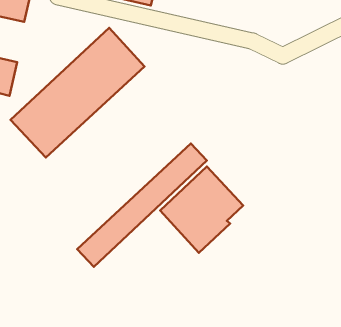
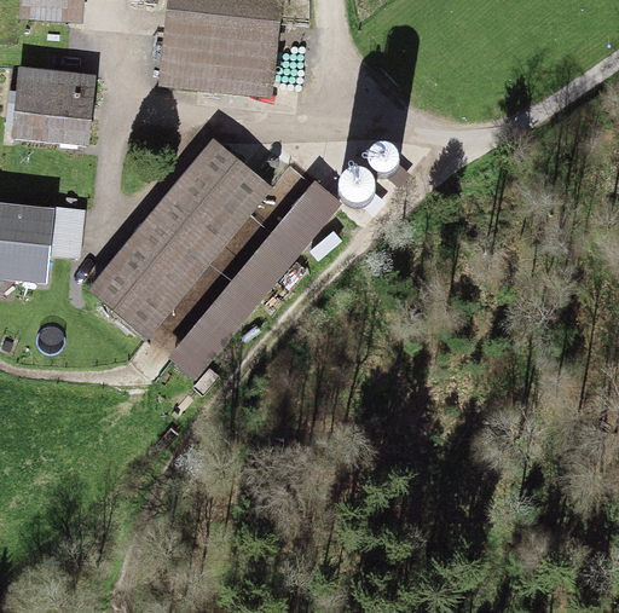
building: [77,144,207,267] -> [168,180,341,380]
building: [160,166,243,253] -> none

